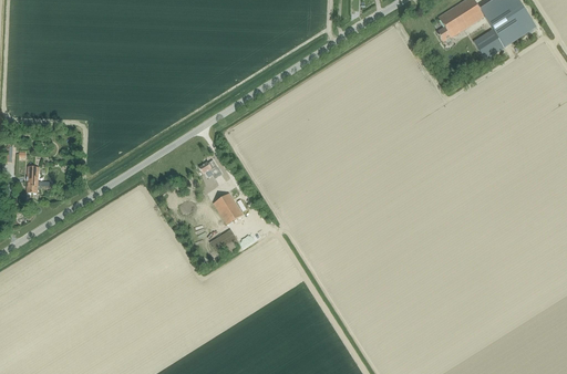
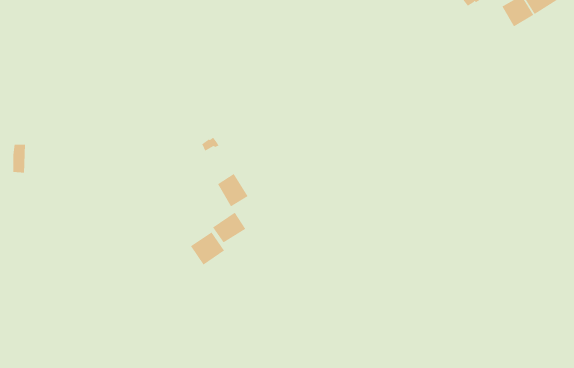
building: none -> [190,231,225,265]

